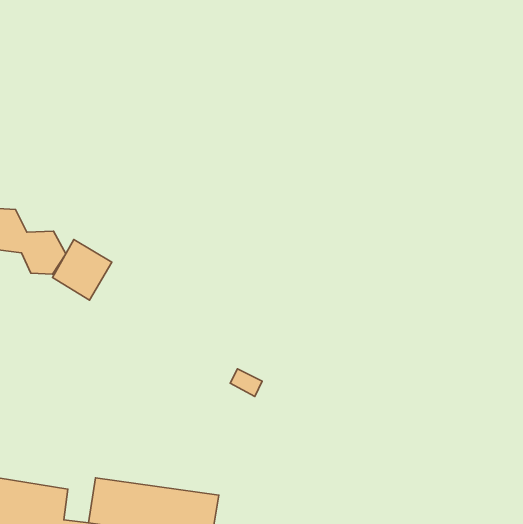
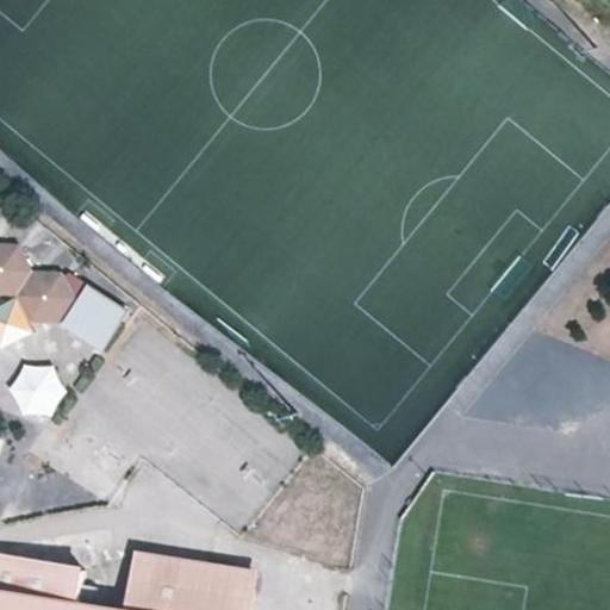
building: none -> [15,362,62,413]

